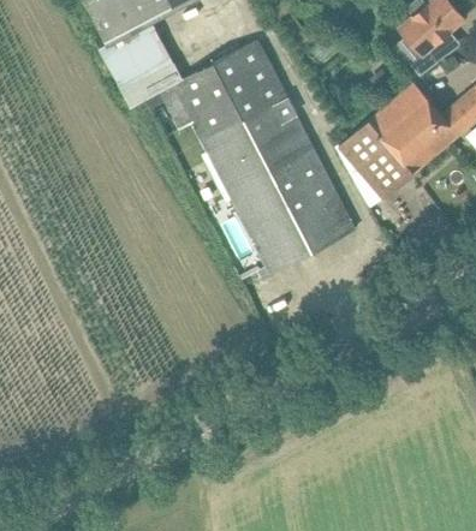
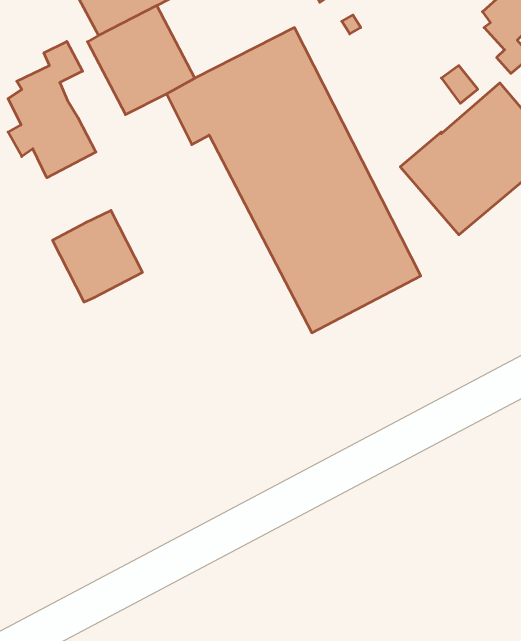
building: none -> [8,41,96,178]
building: none -> [53,210,142,302]

